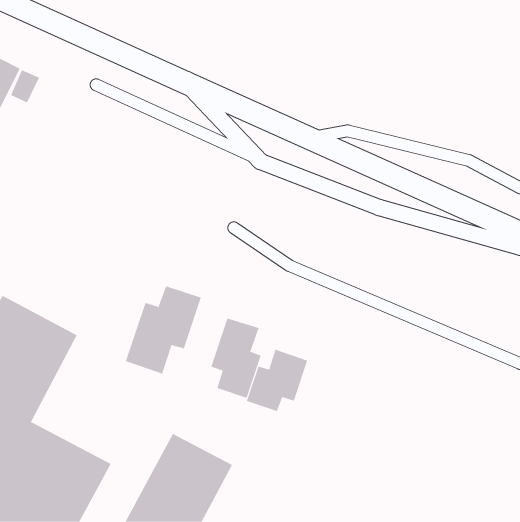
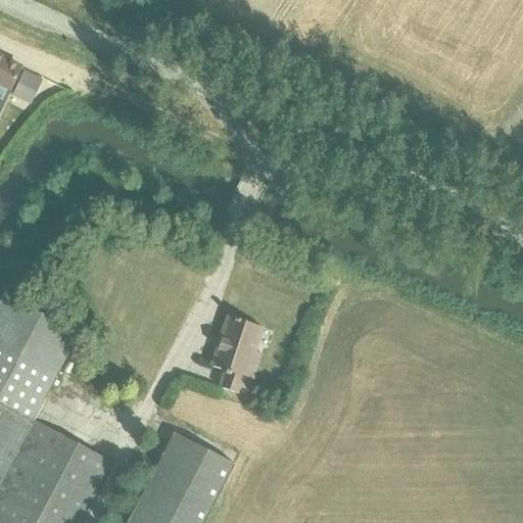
building: [125,285,201,375] -> none
building: [246,349,308,412] -> none

